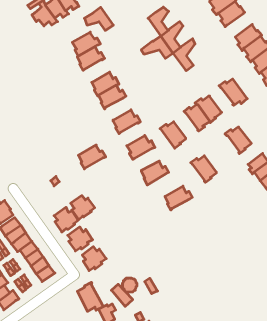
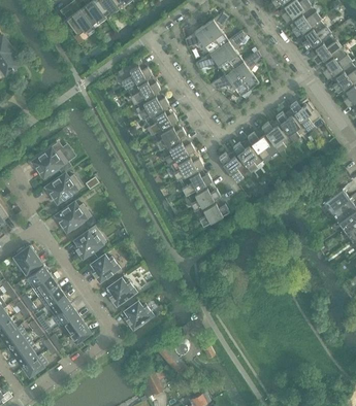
building: [84,7,113,30] -> [184,26,219,54]
building: none -> [298,20,330,50]
building: [72,32,100,56] -> [126,75,160,104]
building: none -> [209,68,249,96]
building: none -> [152,122,186,150]
building: none -> [31,147,67,178]
building: [225,127,251,154] -> [274,109,306,141]
building: none -> [44,173,80,204]
building: [78,145,106,169] -> [169,151,202,180]
building: [191,156,216,182] -> [232,140,263,172]
building: none -> [54,202,90,233]
building: [165,186,192,210] -> [187,182,220,211]
building: [71,196,95,220] -> [73,231,102,260]
building: [77,282,103,311] -> none

